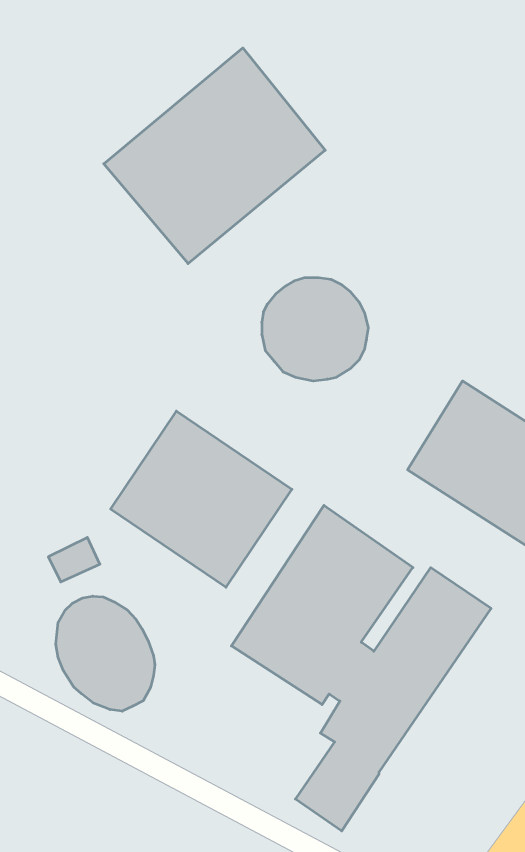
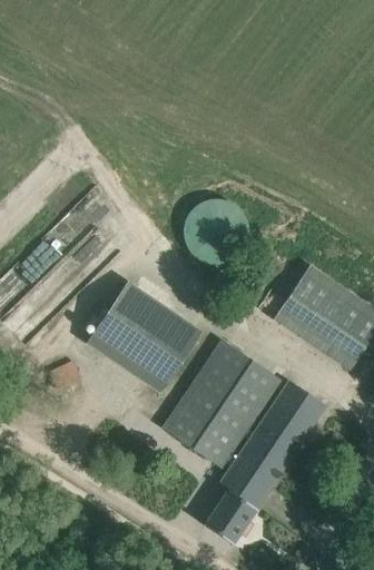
building: [104,48,325,264] -> none
building: [56,596,155,711] -> none

